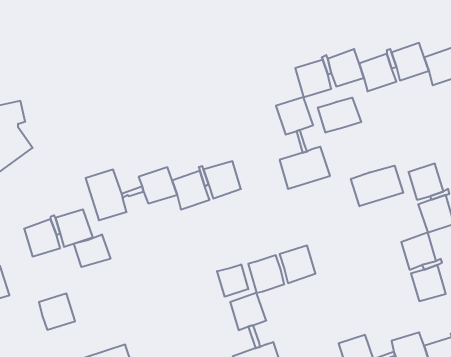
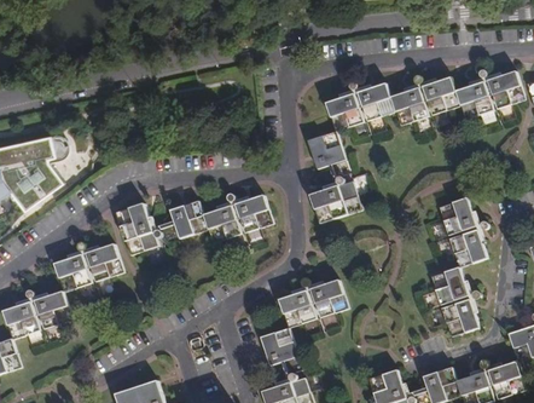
building: [318,98,361,133] -> none
building: [351,166,403,206] -> none
building: [74,234,110,267] -> none
building: [217,264,248,297] -> none
building: [39,294,75,330] -> [35,289,71,326]

